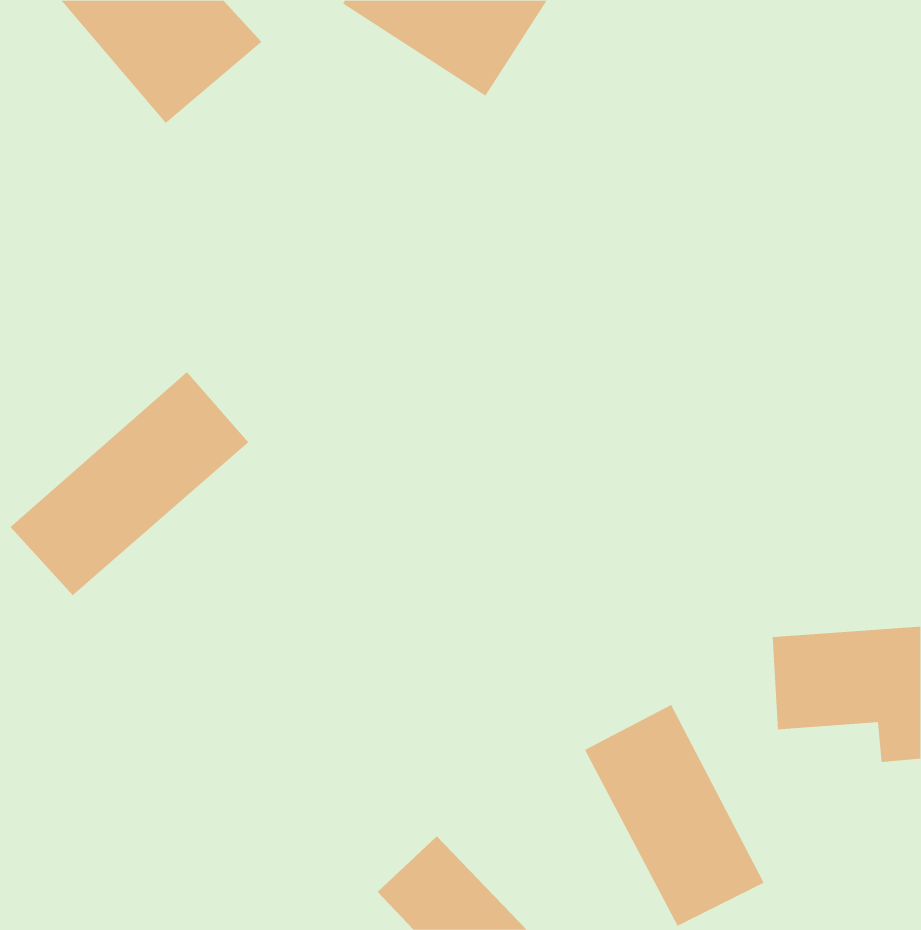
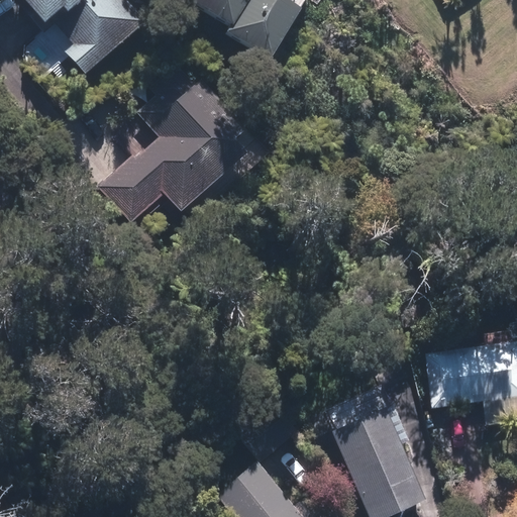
building: none -> [102,87,242,235]
building: [9,371,249,596] -> none

